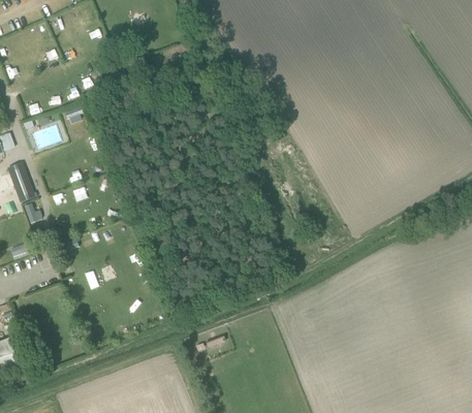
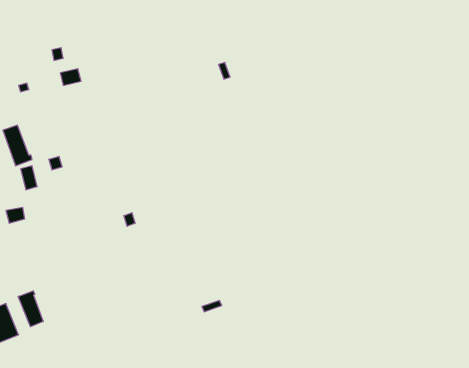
building: none -> [18,291,43,327]

